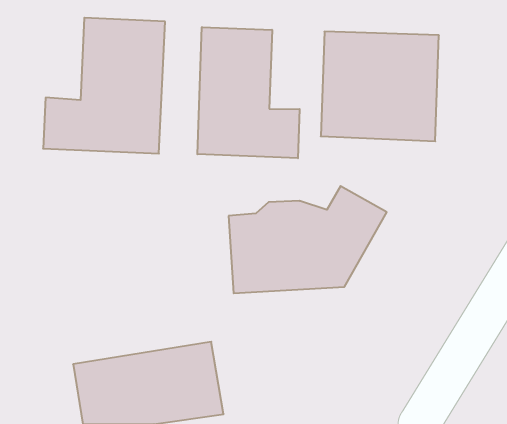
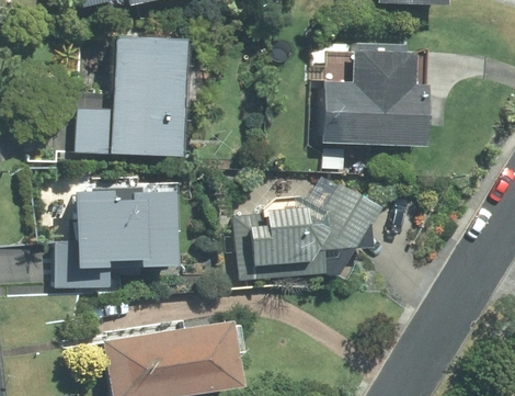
building: [197,27,300,158] -> none
building: none -> [62,188,178,285]

